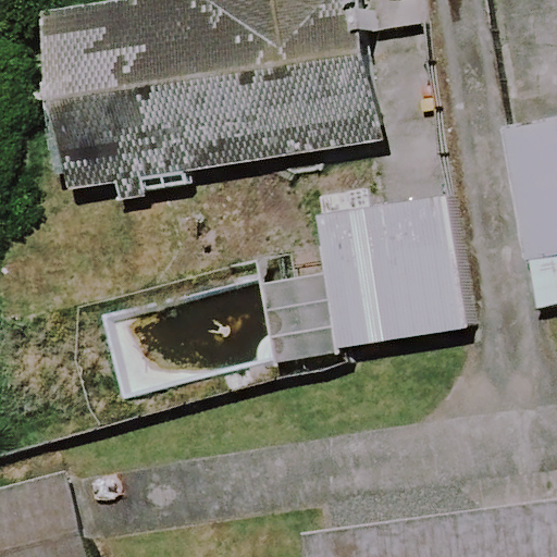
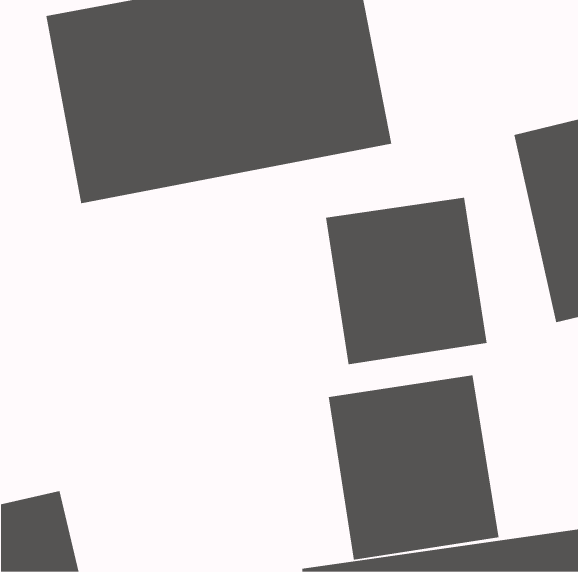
building: none -> [328,374,499,560]

